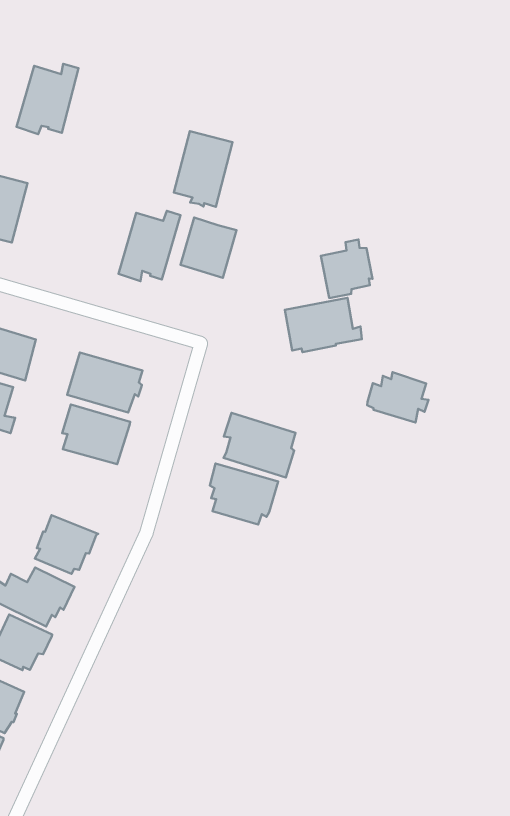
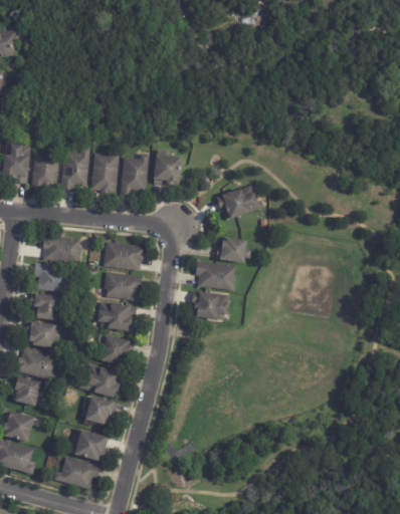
building: [16,64,78,134] -> [60,147,89,189]
building: [174,131,233,207] -> [90,152,119,193]
building: [321,240,372,298] -> none
building: [367,372,428,423] -> [216,237,250,263]
building: none -> [97,301,136,331]

